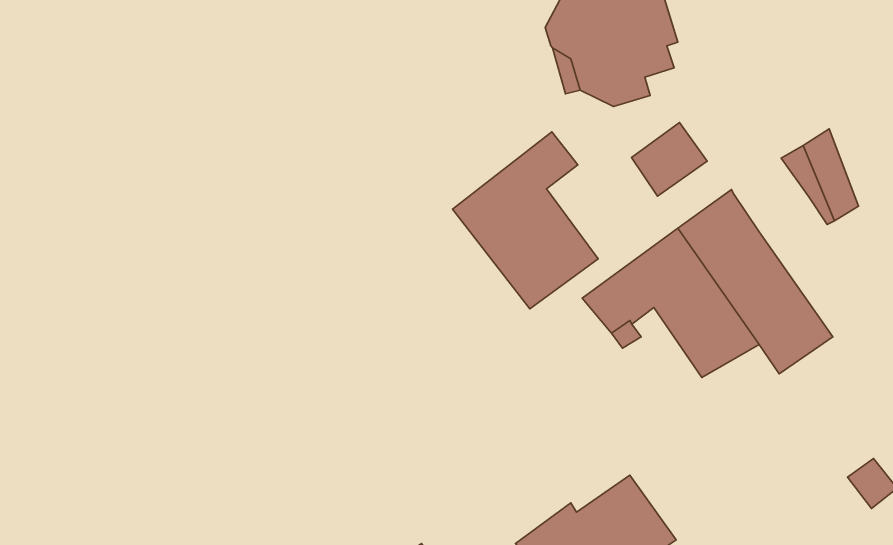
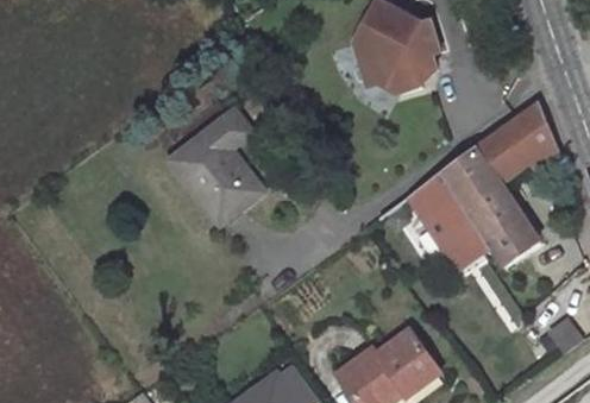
building: [632,123,707,196] -> [476,125,525,172]
building: [452,132,598,309] -> [169,108,263,222]

